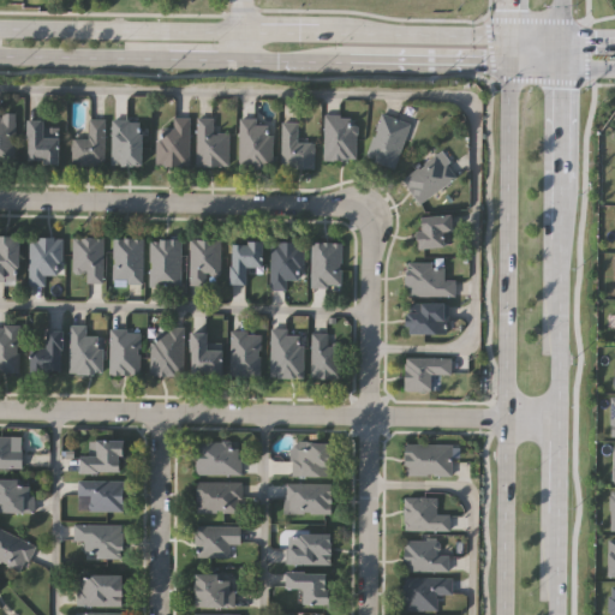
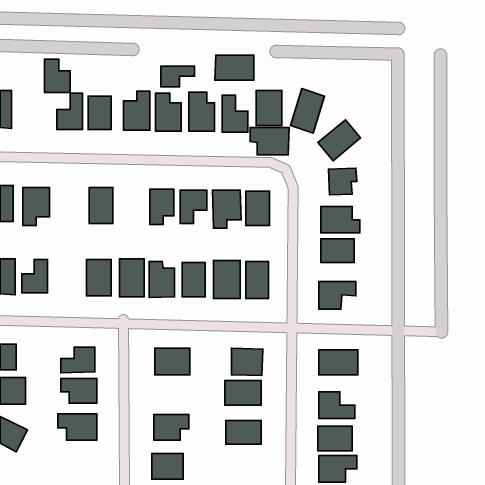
building: none -> [215,55,254,80]
building: none -> [161,66,194,87]
building: [25,120,58,162] -> [45,59,70,93]
building: none -> [250,128,289,155]
building: [73,238,103,283] -> none
building: [149,240,181,286] -> none
building: [70,324,102,374] -> none
building: [196,482,241,513] -> none
building: [283,571,327,603] -> none
building: [76,573,120,605] -> none

